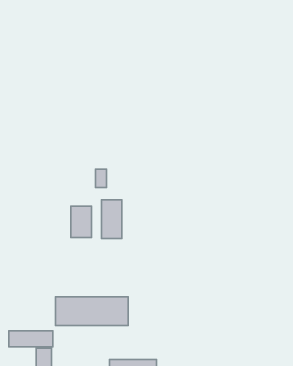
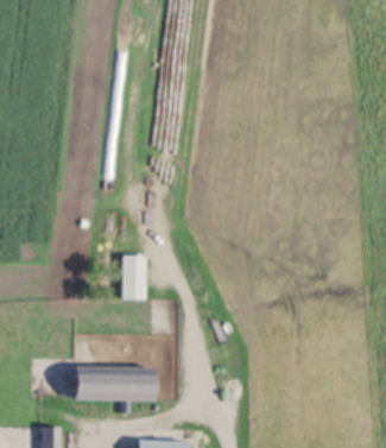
building: [71,206,91,237] -> none
building: [9,331,53,347] -> none

